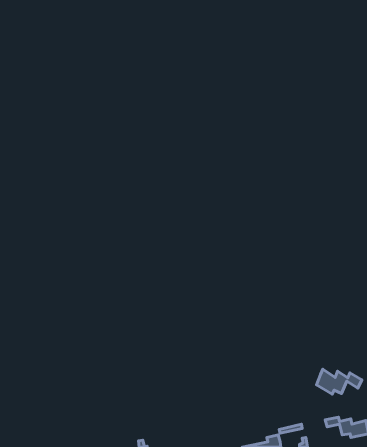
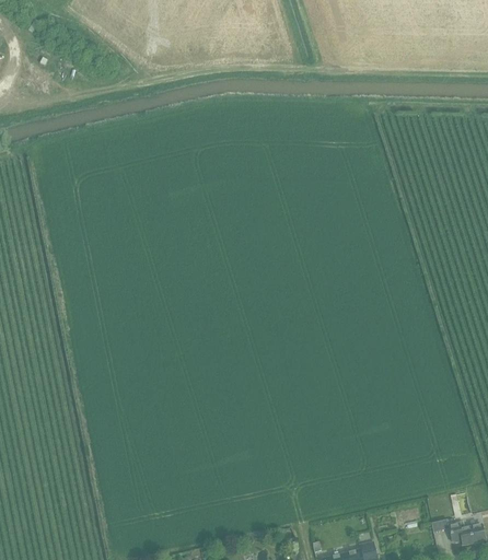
building: [316,369,362,394] -> none

